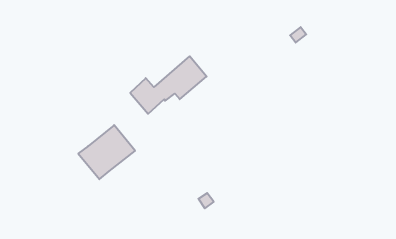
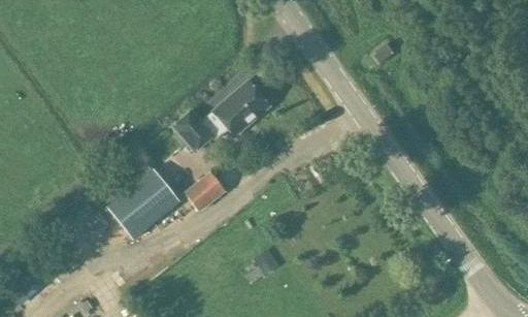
building: none -> [184,171,224,210]

